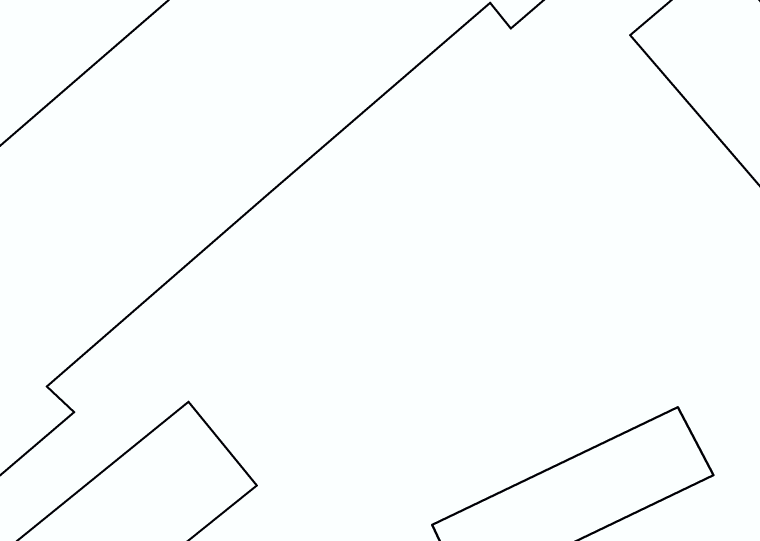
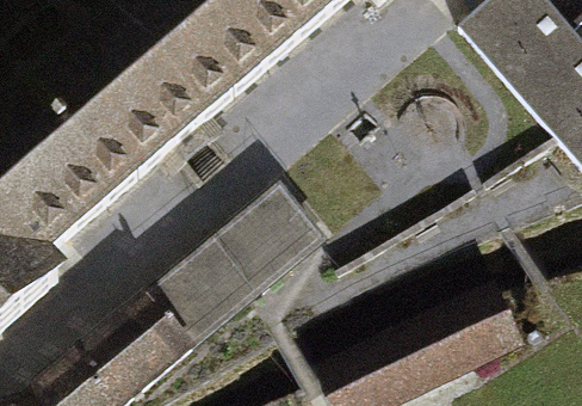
building: none -> [156,179,338,342]

